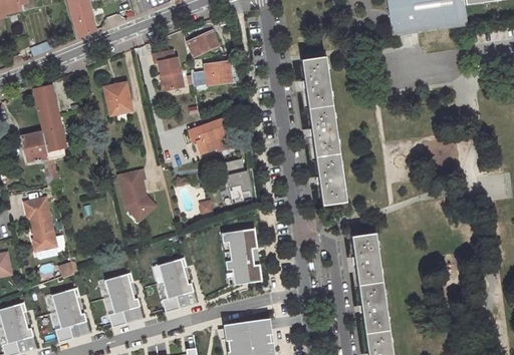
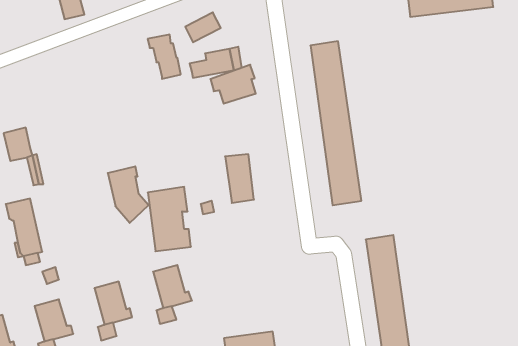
building: [104,82,132,114] -> none
building: [34,83,66,152] -> none
building: [189,118,230,153] -> [210,65,256,104]
building: [222,227,261,285] -> [148,187,191,251]

